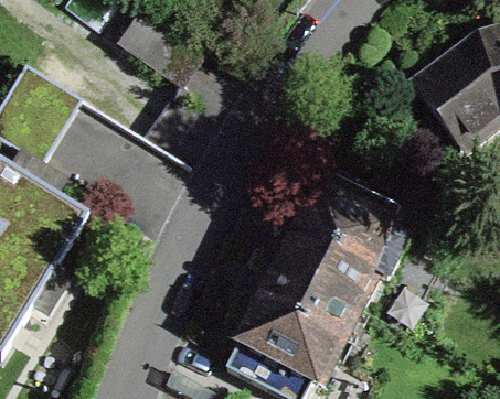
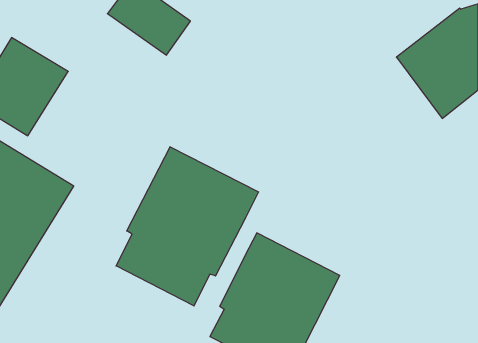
building: none -> [116,147,259,306]
building: [275,184,408,305] -> none

